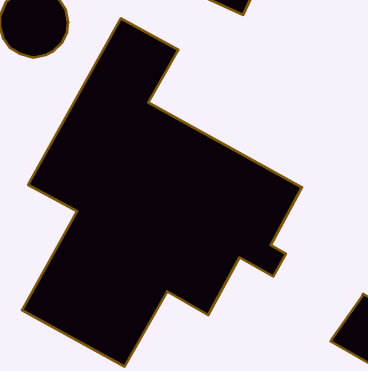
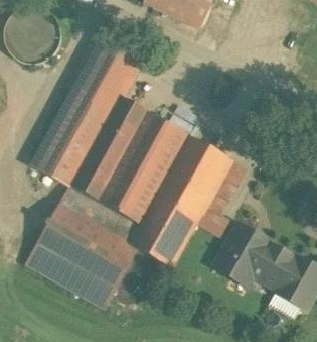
building: none -> [210,219,296,290]

